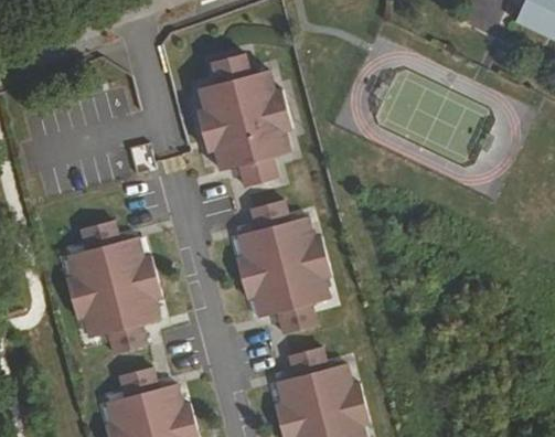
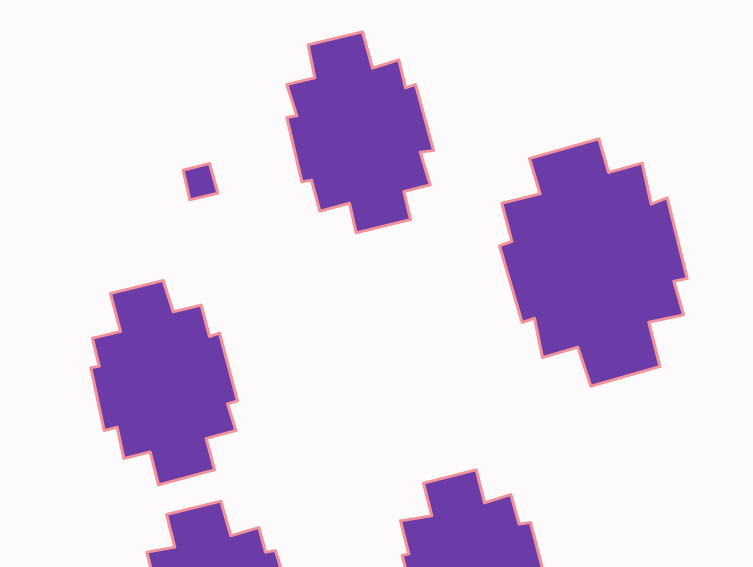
building: none -> [500,139,687,386]
building: [236,198,334,334] -> none

